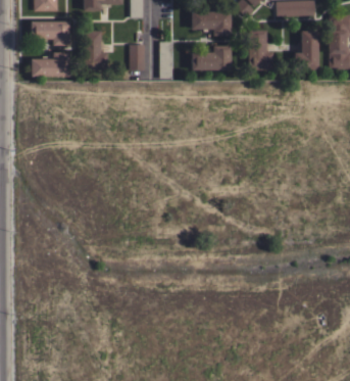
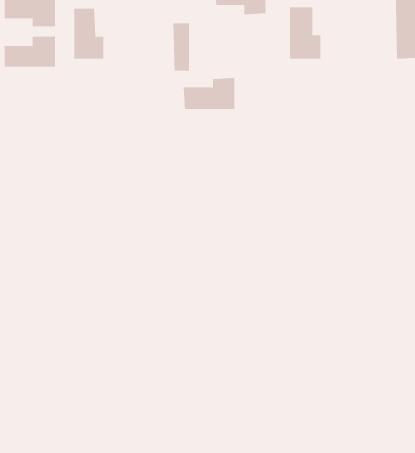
building: [295,31,318,69] -> none
building: [130,44,145,69] -> none
building: [191,45,231,69] -> [183,77,235,110]

